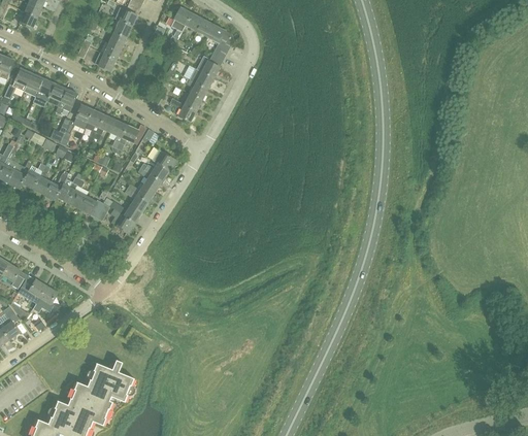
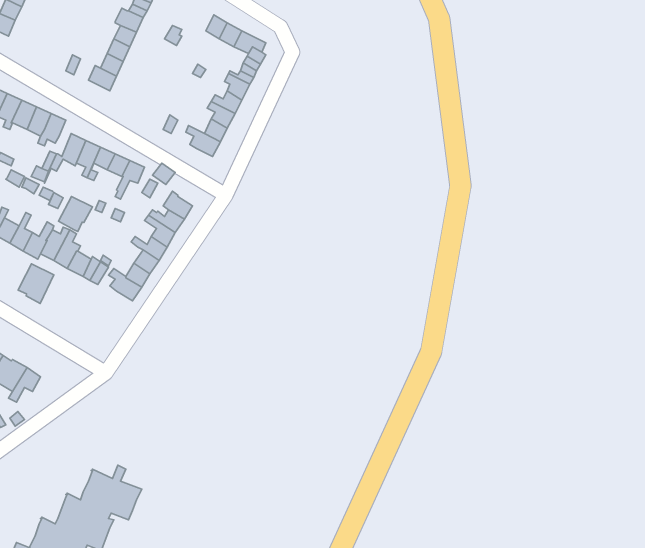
building: [168,7,191,43] -> none
building: none -> [59,196,92,231]
building: none -> [18,264,54,303]

